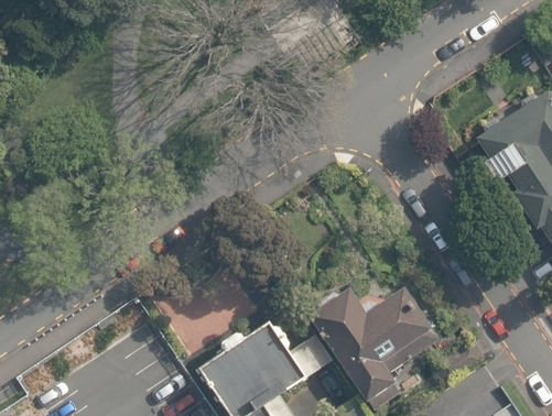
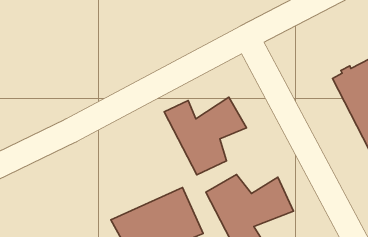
building: none -> [164,97,247,175]

